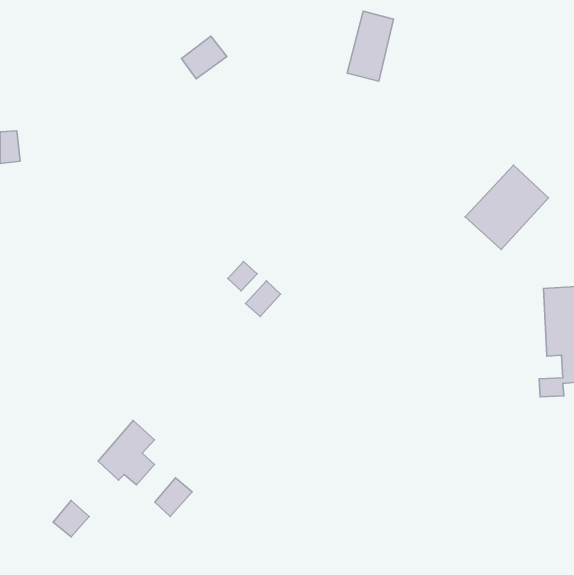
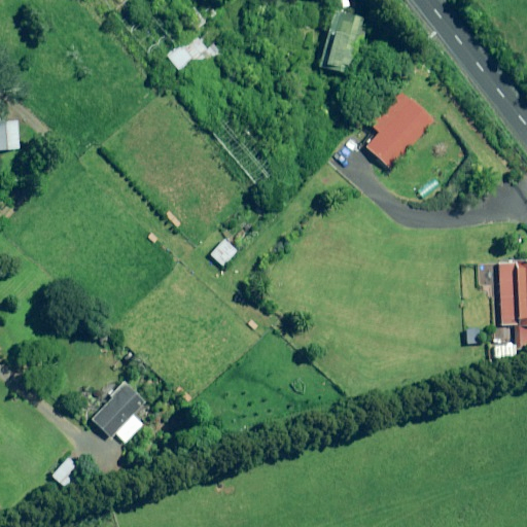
building: [465,165,549,250] -> [356,91,432,168]
building: [245,281,280,317] -> none
building: [155,478,192,516] -> none

